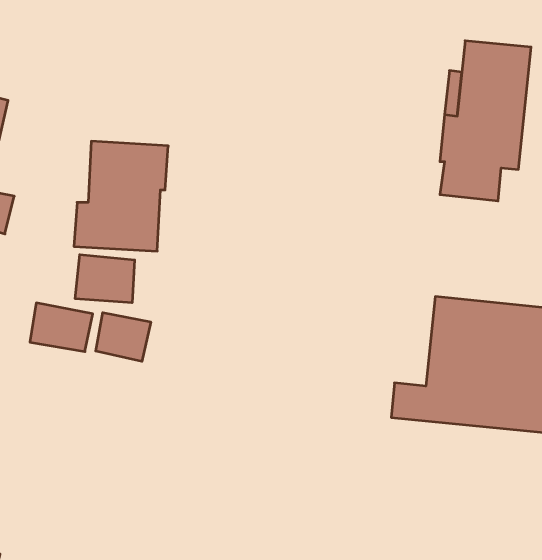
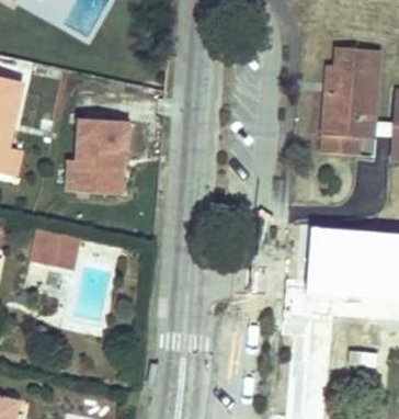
building: [75,255,135,303] -> none
building: [96,313,151,361] -> none

